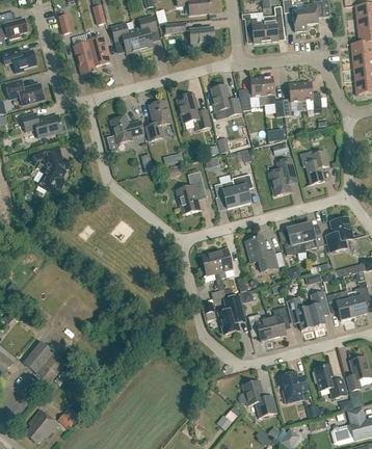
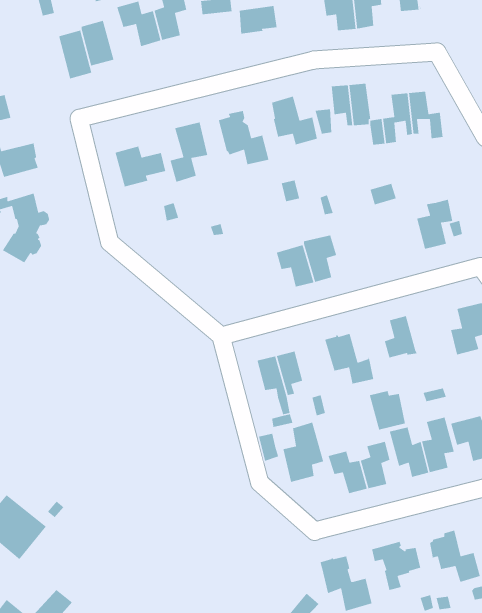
building: [269,158,297,195] -> none
building: [176,170,206,213] -> none
building: [298,222,322,248] -> [369,390,406,430]

